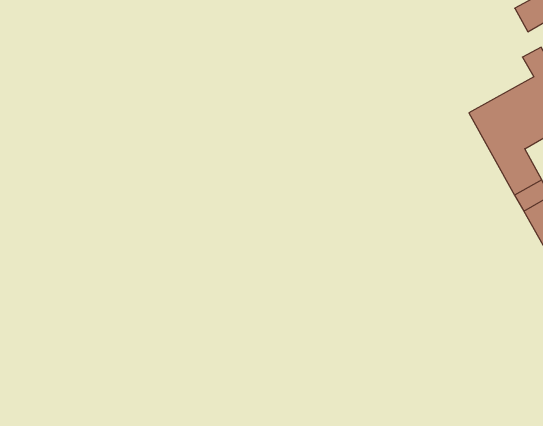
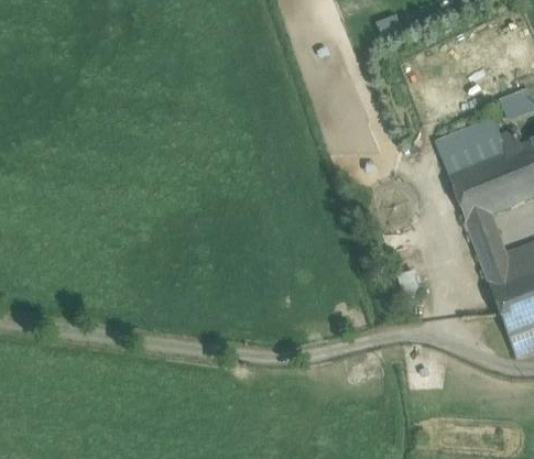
building: none -> [437,118,509,175]

